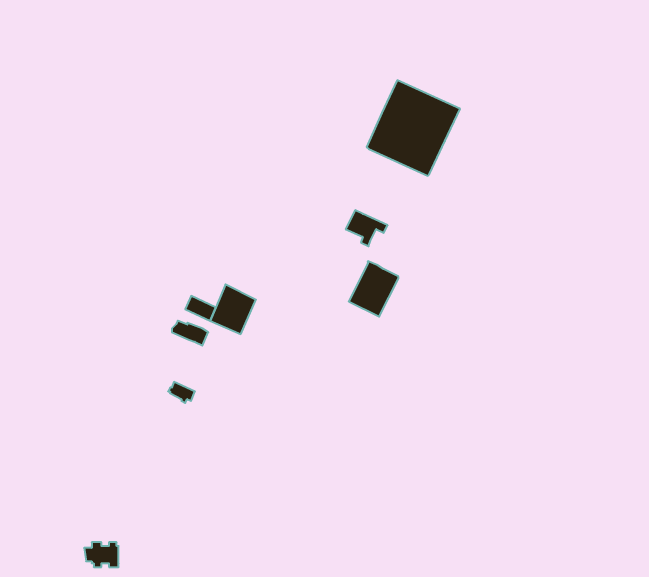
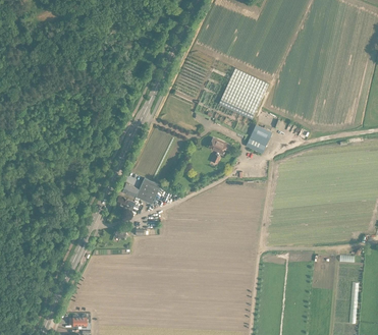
building: [349,261,398,317] -> [245,123,271,153]

